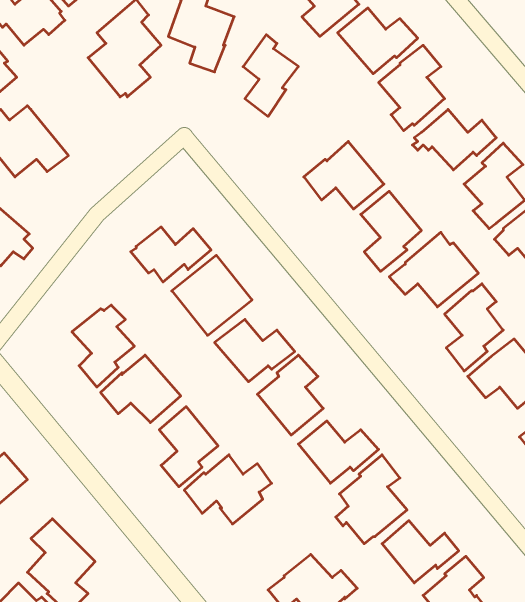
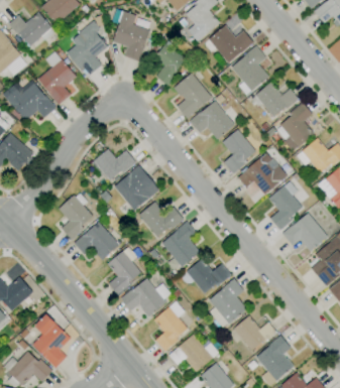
building: none -> [38,51,76,105]
building: none -> [173,73,211,118]
building: none -> [153,301,187,352]

